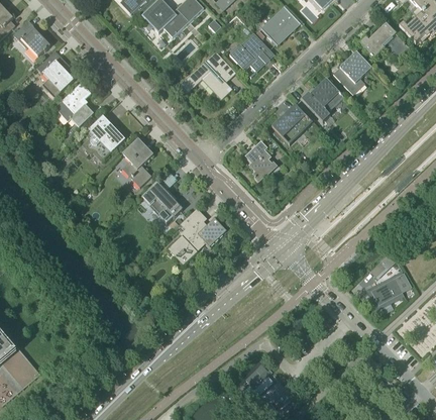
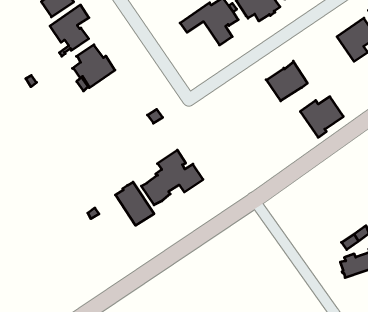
building: [301,79,343,120] -> [300,97,343,137]
building: [122,138,152,186] -> none
building: [244,140,275,182] -> none
building: [141,181,182,222] -> [115,182,154,225]

